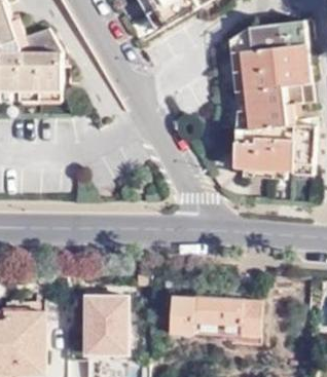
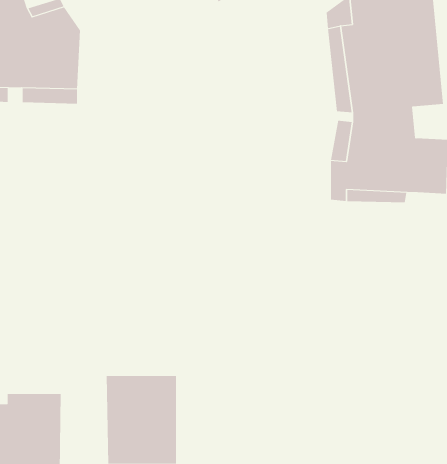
building: [171,298,256,339] -> none

